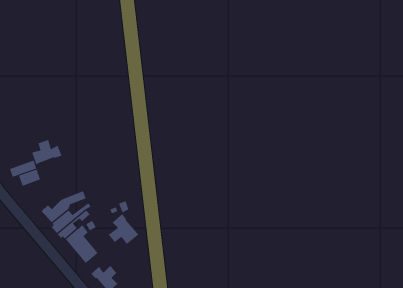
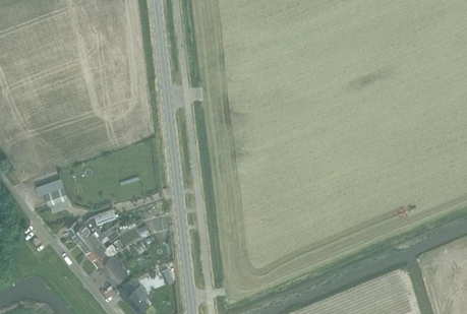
building: [31,139,62,165] -> none
building: [108,213,139,245] -> none

